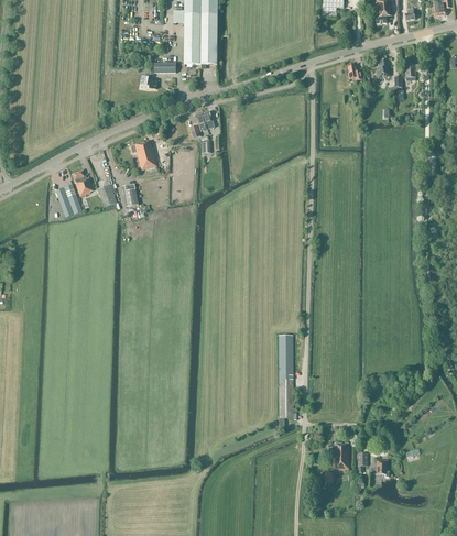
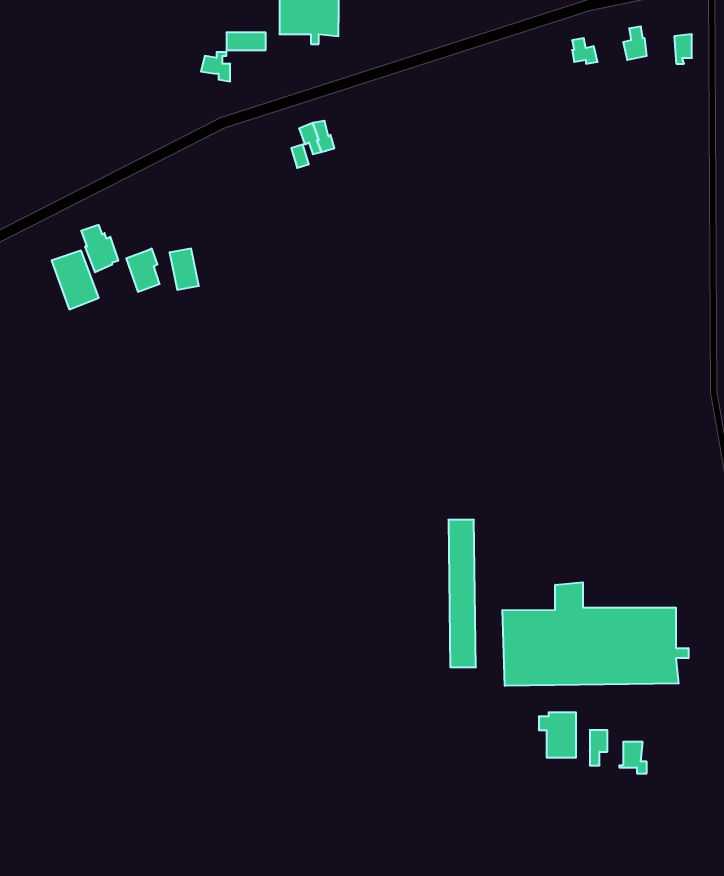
building: [130,140,156,169] -> none
building: none -> [502,582,688,686]

